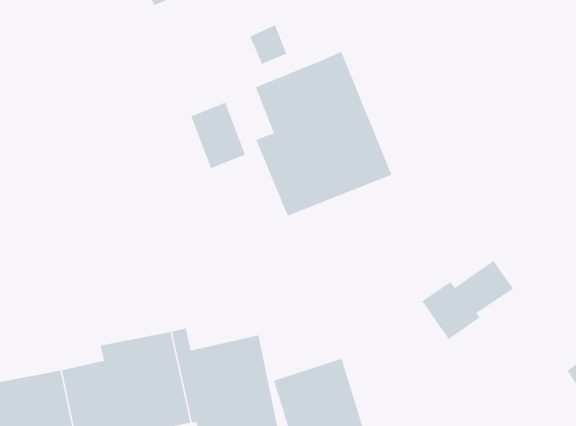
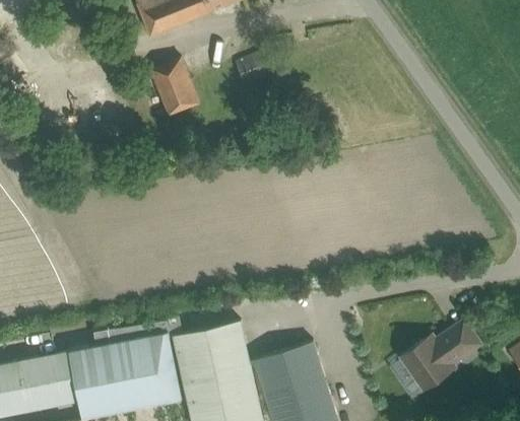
building: [255,51,392,216] -> none
building: [191,102,246,169] -> [151,59,199,117]
building: [421,260,514,340] -> [401,322,481,391]

